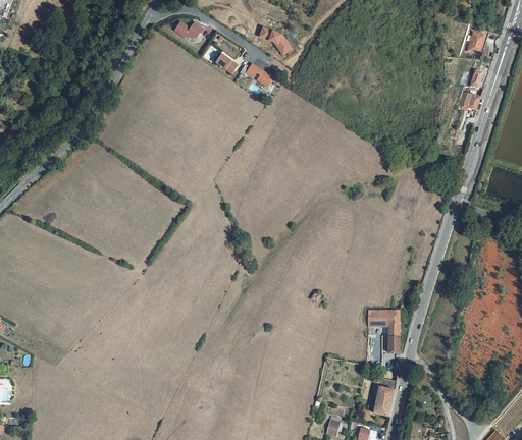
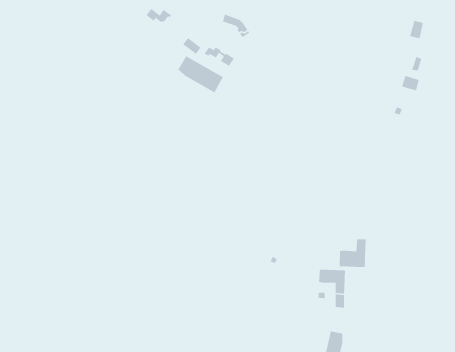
building: none -> [177,55,224,94]
building: none -> [339,239,367,268]

